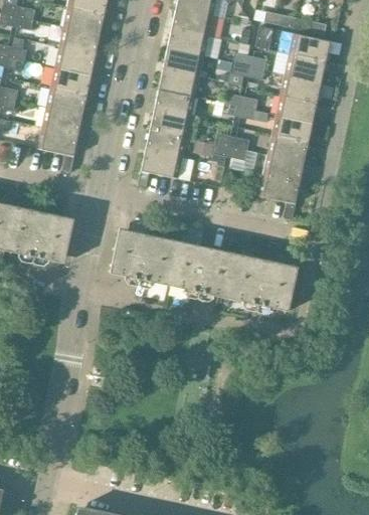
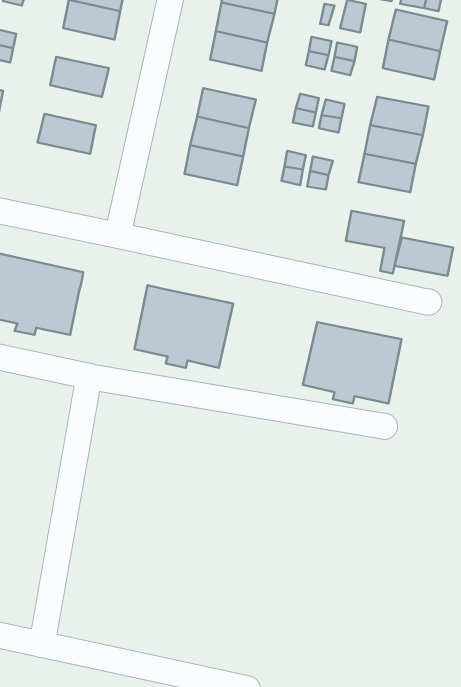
building: [54,47,96,75] -> none
building: [158,69,199,98] -> none
building: [281,75,321,103] -> none
building: [46,88,86,116] -> none
building: [37,128,78,173] -> none
building: [137,150,182,189] -> none
building: [262,156,304,183] -> [395,237,453,276]
building: [169,241,238,299] -> none

